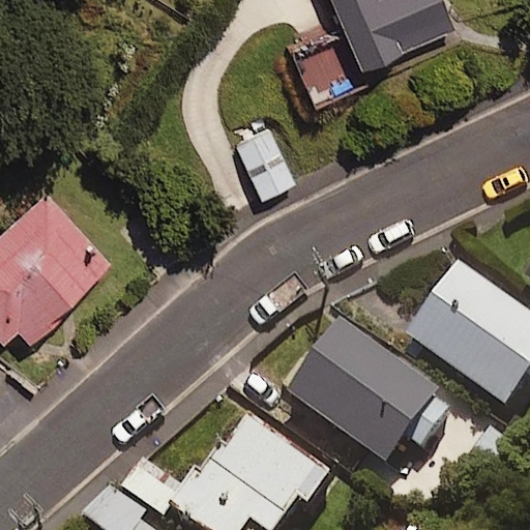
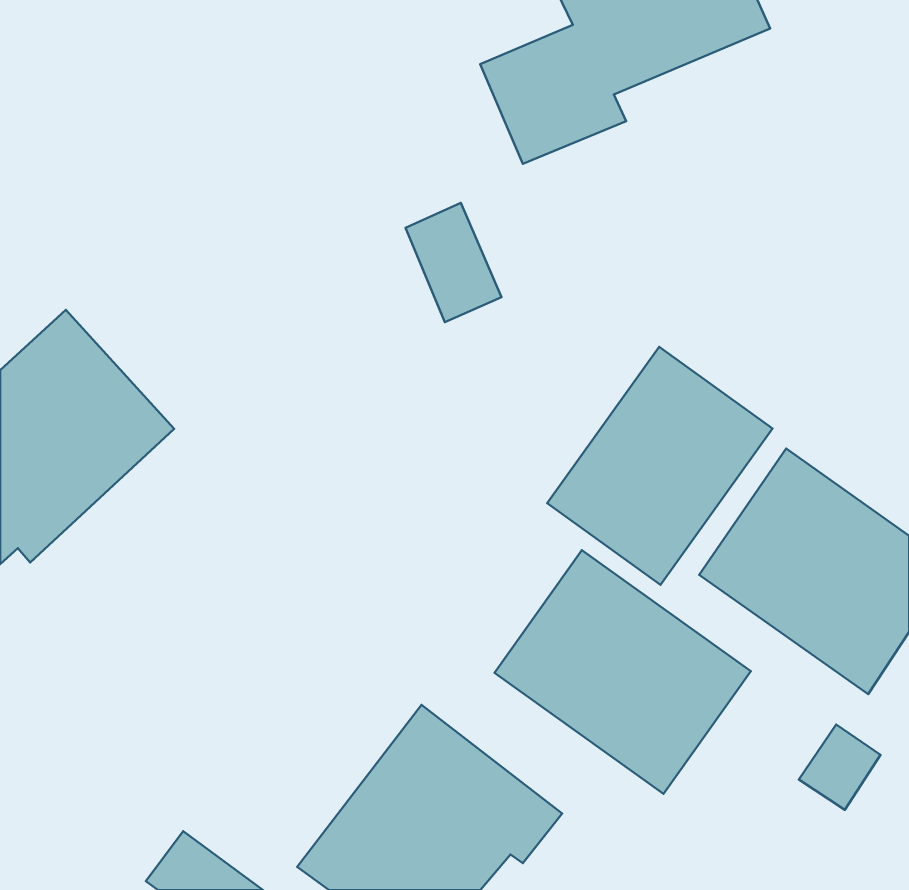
building: none -> [547,347,772,585]

